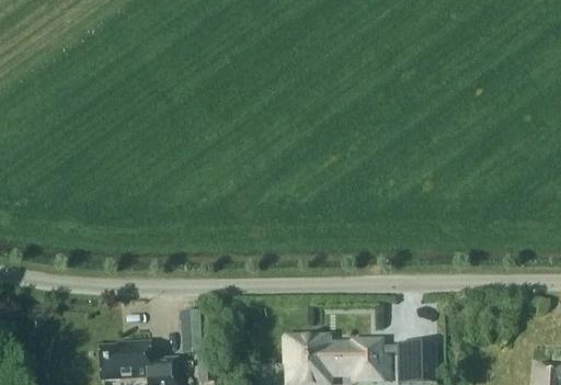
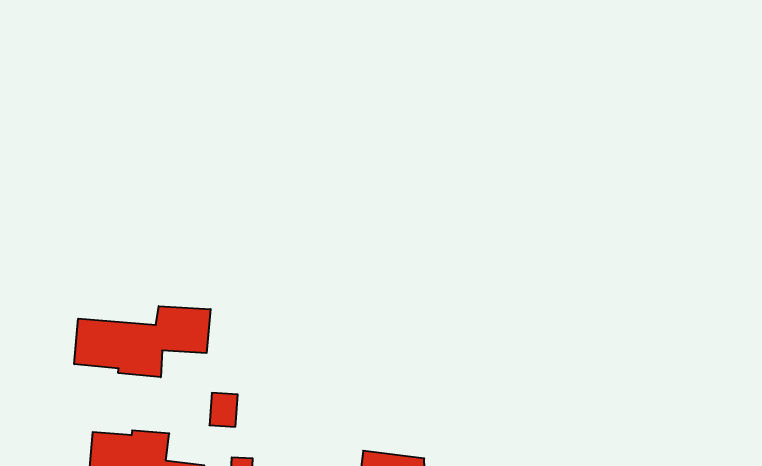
building: none -> [74,306,211,377]

